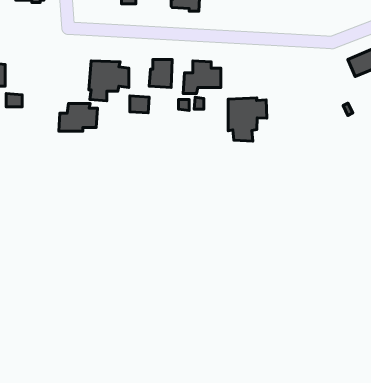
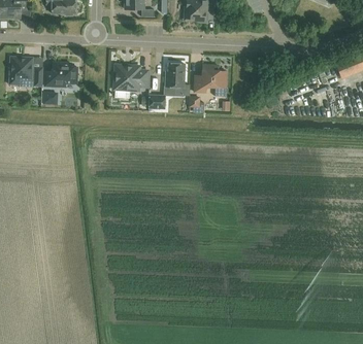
building: [228,98,267,141] -> none
building: [59,103,98,131] -> [44,63,77,87]

